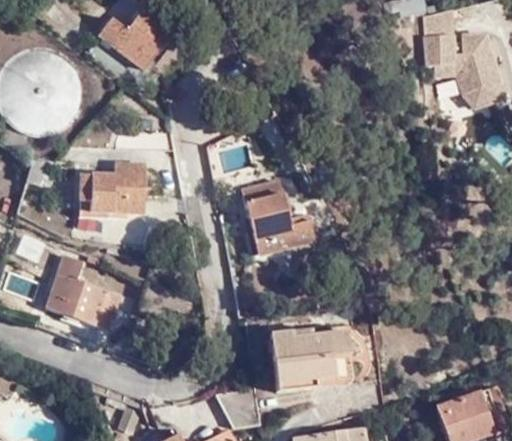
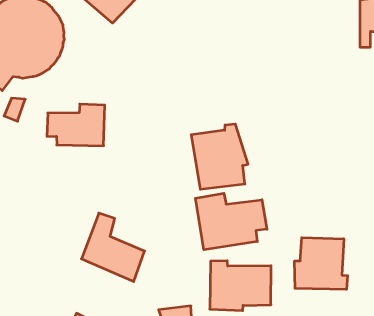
building: none -> [195,193,267,250]
building: [47,256,119,332] -> [81,213,145,282]
building: none -> [295,238,348,289]

